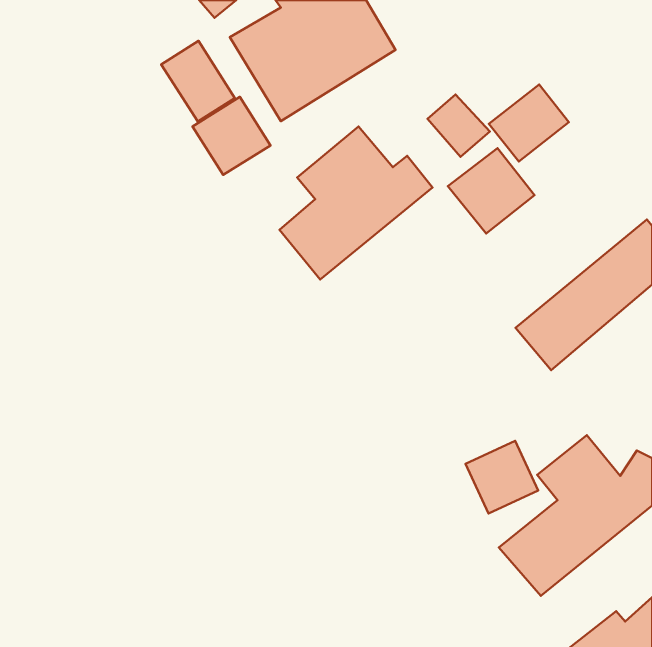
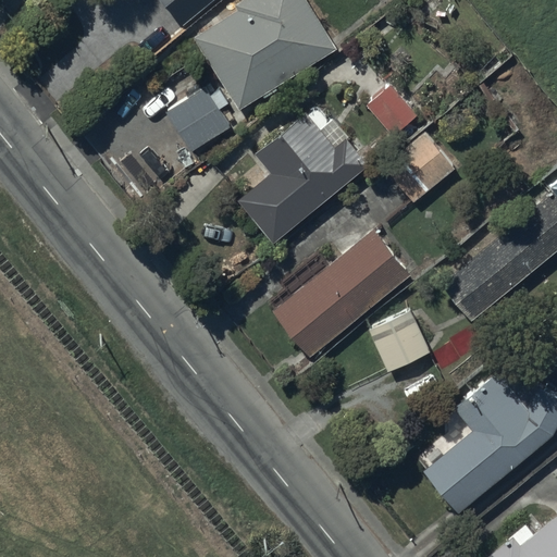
building: [161,41,235,122] -> none
building: [489,85,569,161] -> none
building: none -> [272,231,410,358]
building: [465,441,538,513] -> [369,315,431,377]

